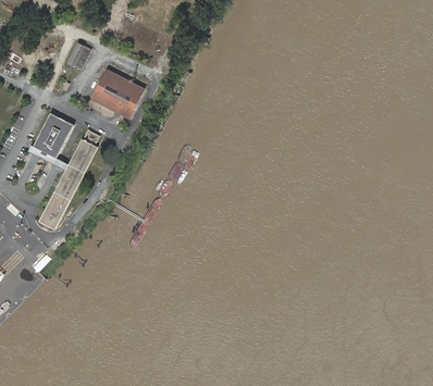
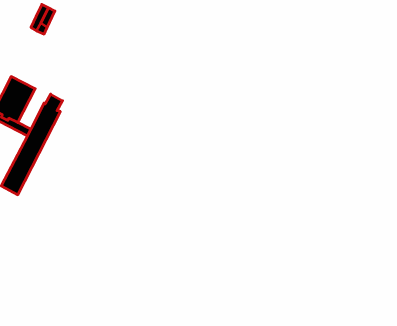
building: [91,69,144,119] -> none

